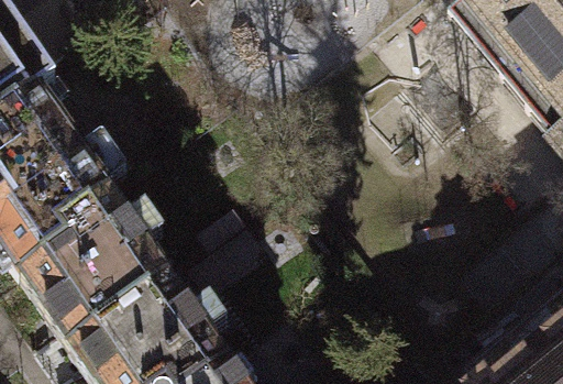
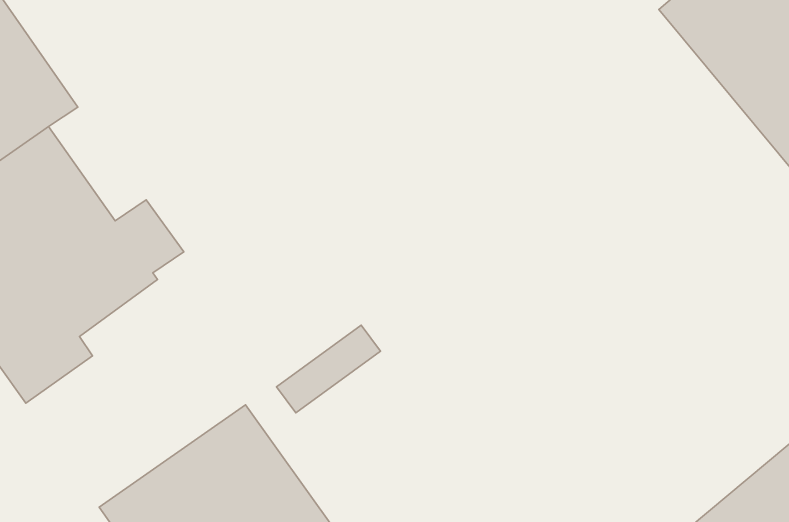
building: [29,200,177,354] -> none

